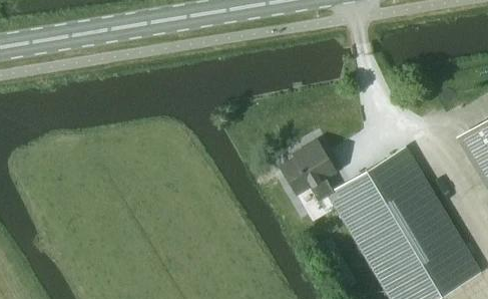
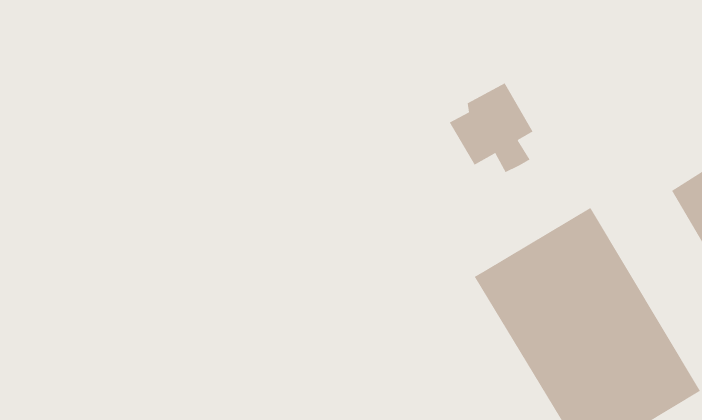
building: [281,139,338,201] -> [449,82,533,173]

